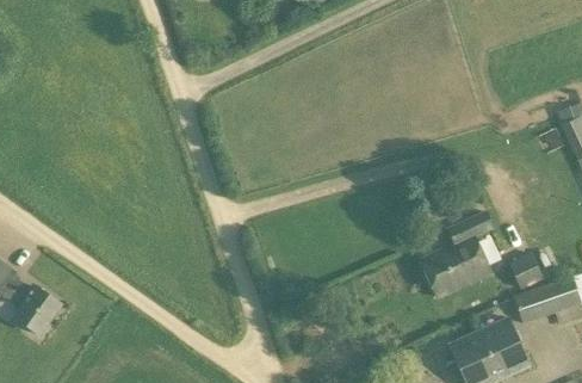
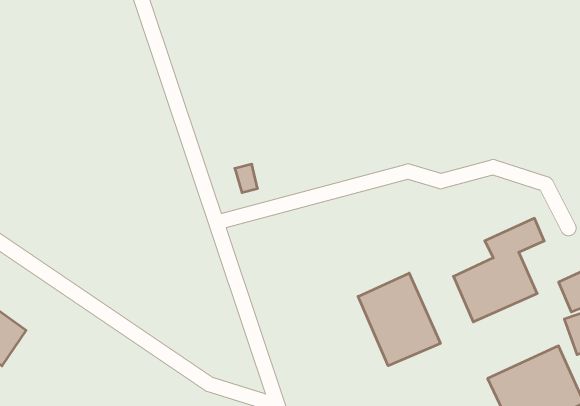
building: none -> [358,273,440,366]

